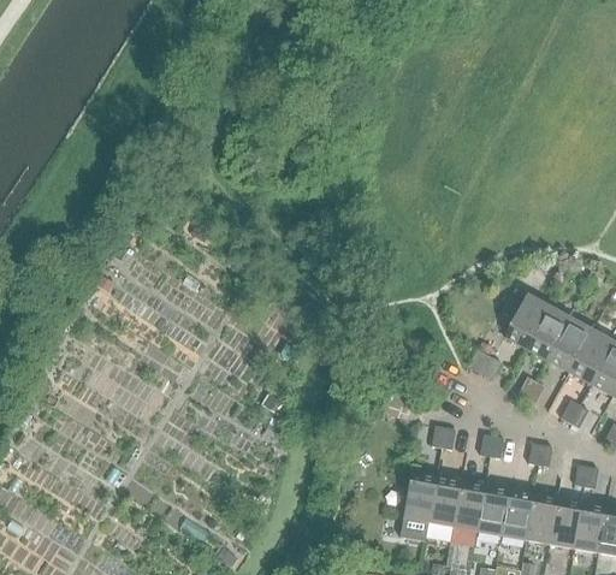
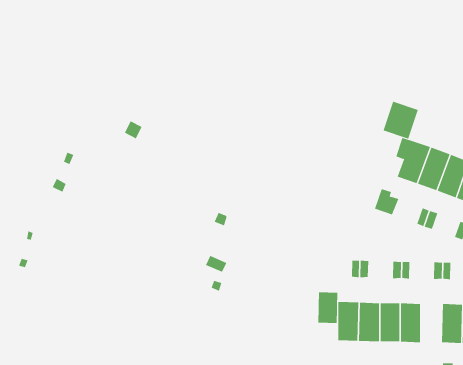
building: none -> [383,101,418,139]
building: none -> [318,291,338,324]
building: [502,491,534,540] -> none

